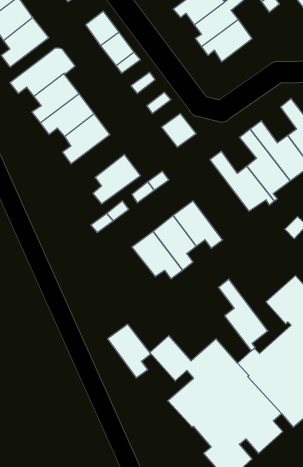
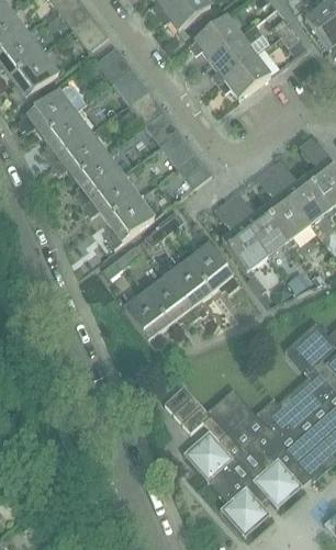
building: none -> [81,173,137,218]
building: [218,279,268,351] -> [215,200,267,274]
building: [108,324,151,378] -> [124,291,169,347]

